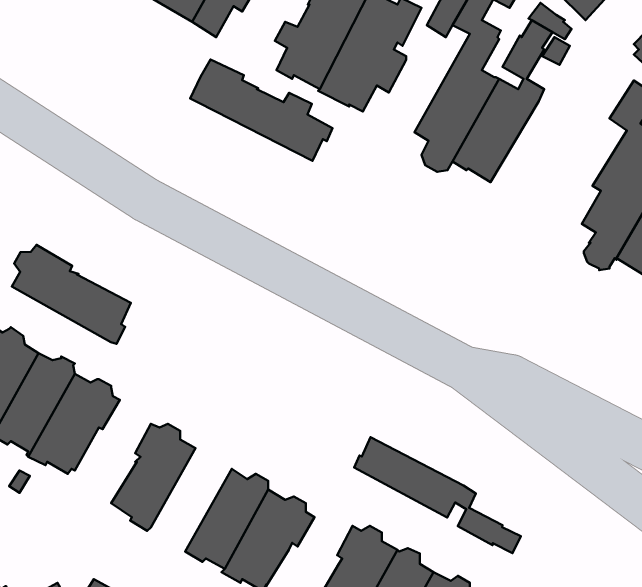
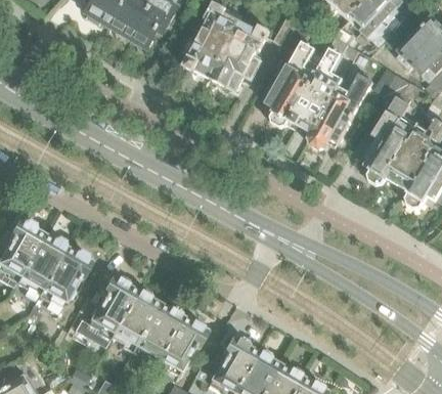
building: [190,60,333,161] -> none
building: none -> [307,74,372,150]
building: [12,245,131,344] -> none
building: [354,437,521,553] -> none
building: none -> [108,290,157,353]

